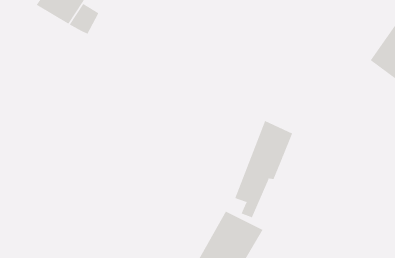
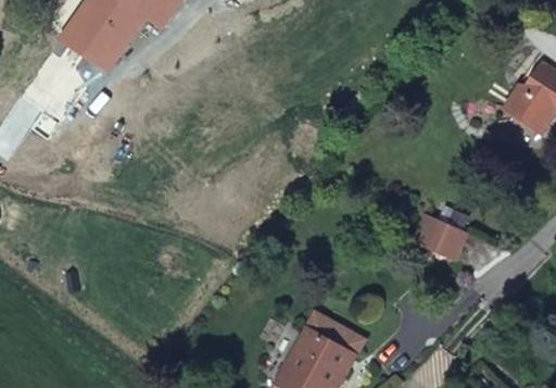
building: [234,120,293,218] -> none
building: none -> [417,215,464,262]

